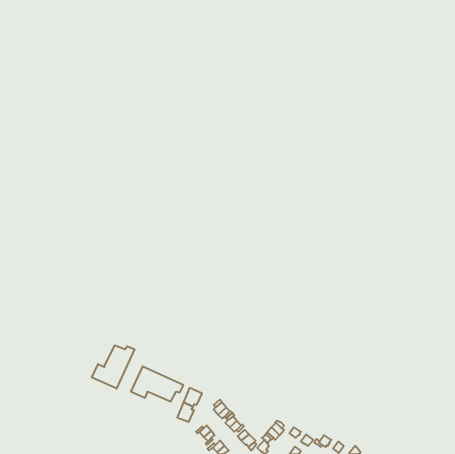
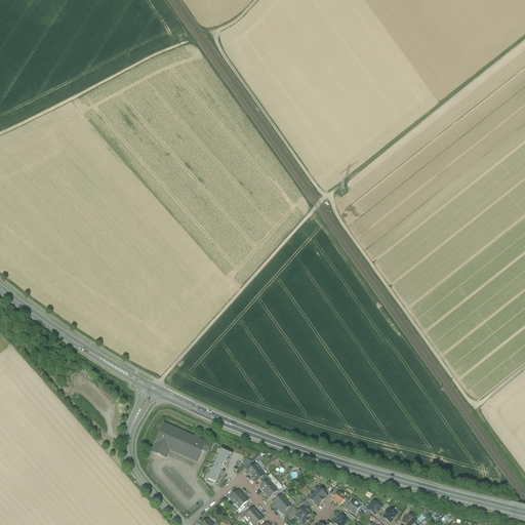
building: [92,345,134,389] -> none

